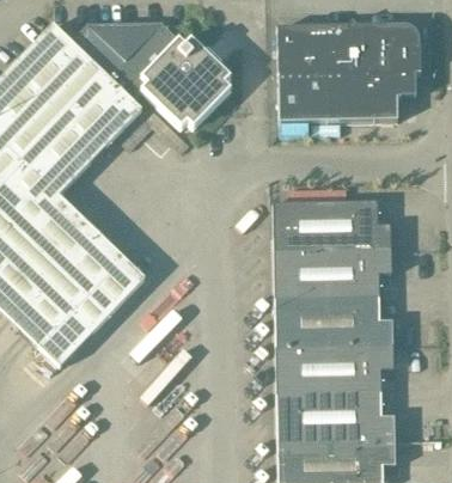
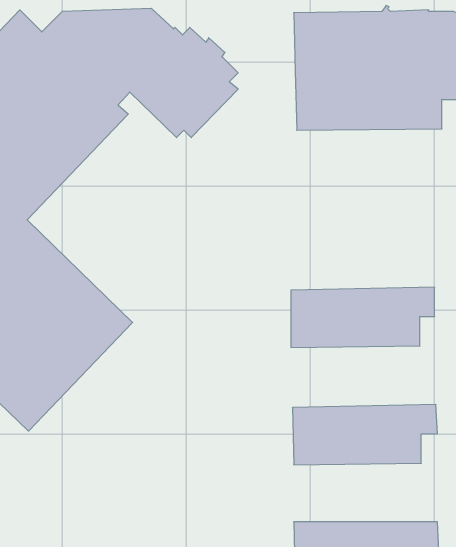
building: [274,200,392,251] -> none
building: [275,296,393,347] -> none
building: [277,392,395,440] -> none

